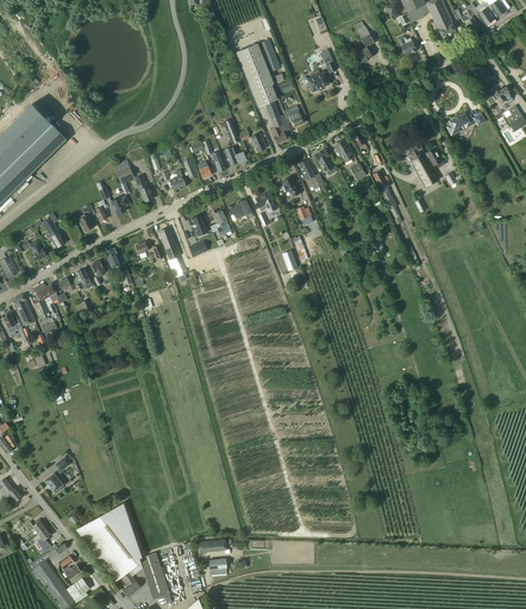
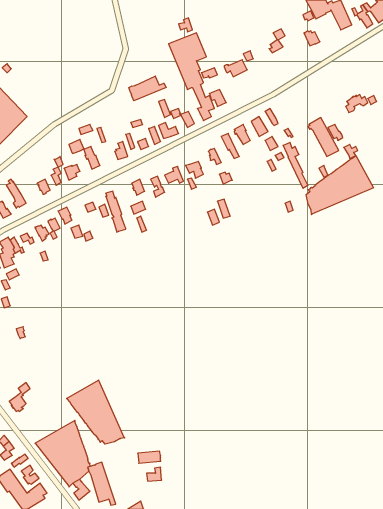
building: none -> [129,76,166,101]
building: none -> [306,155,373,215]
building: none -> [67,380,125,444]

